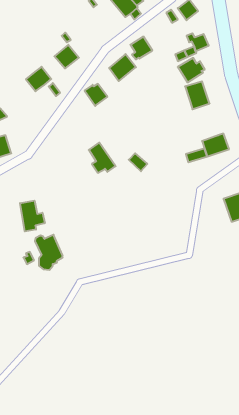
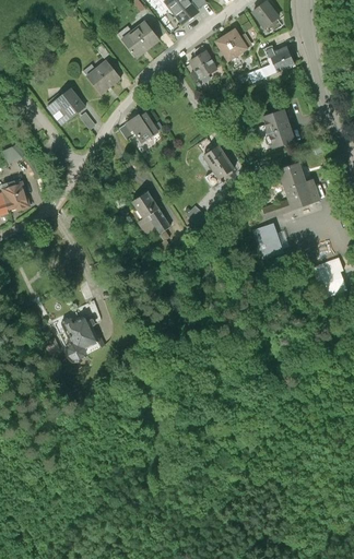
building: [109,54,136,81] -> [122,21,158,57]
building: [178,58,205,82] -> [214,28,250,61]
building: none -> [202,144,235,185]
building: none -> [278,163,306,189]
building: none -> [250,224,276,259]
building: [20,201,45,231] -> none

